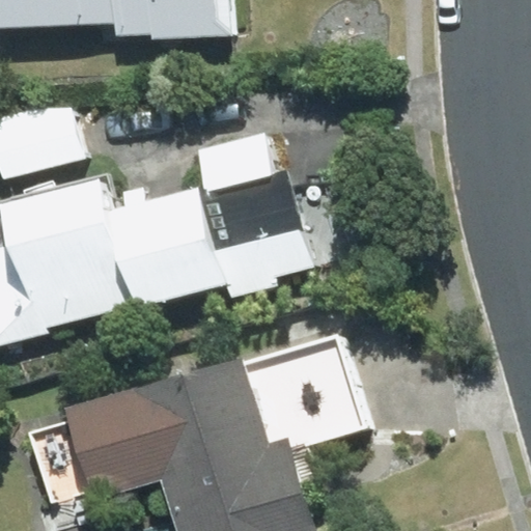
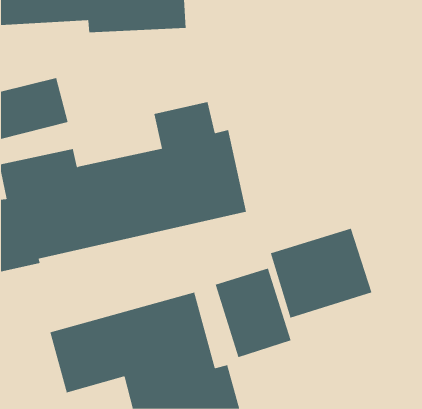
building: none -> [270,228,372,319]

